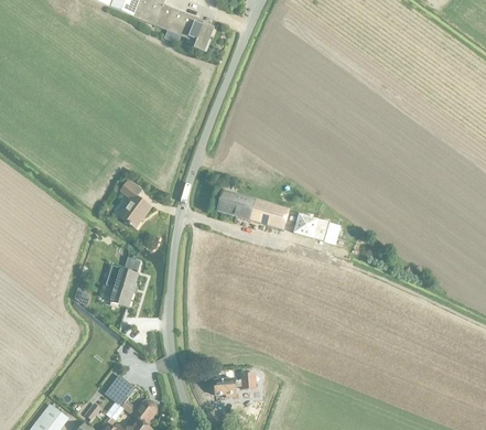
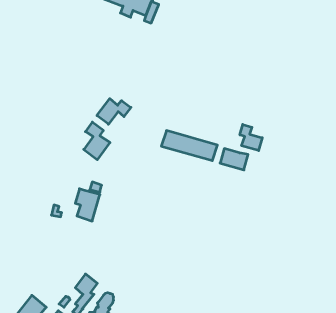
building: none -> [97,99,131,124]
building: none -> [240,124,262,151]
building: [214,373,257,397] -> none

